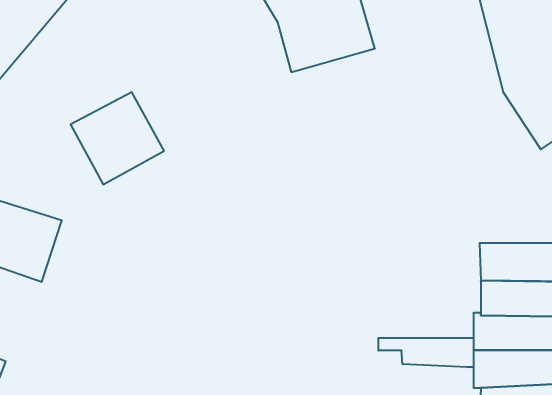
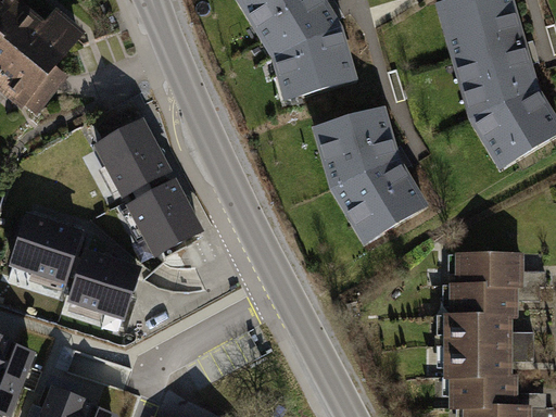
building: none -> [312,106,430,247]
building: none -> [125,178,204,257]
building: none -> [67,247,142,319]
building: [378,338,473,367] -> none

